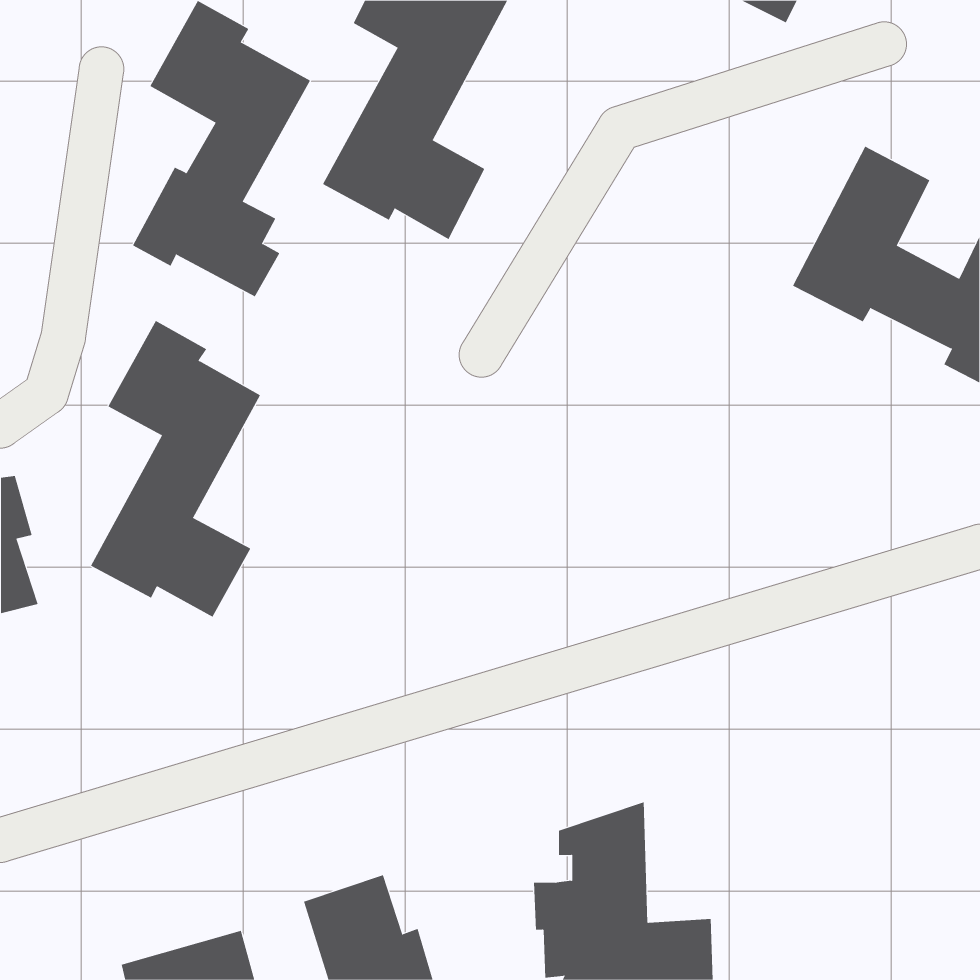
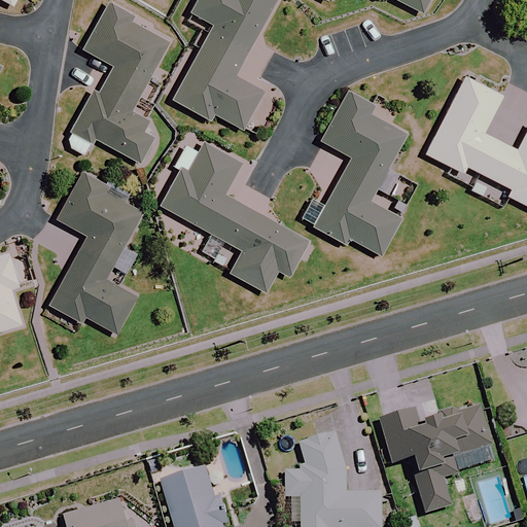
building: none -> [316,92,406,253]
building: none -> [161,143,306,291]
building: none -> [382,409,494,516]

